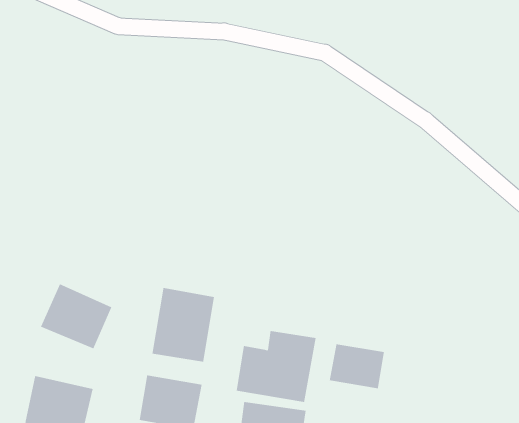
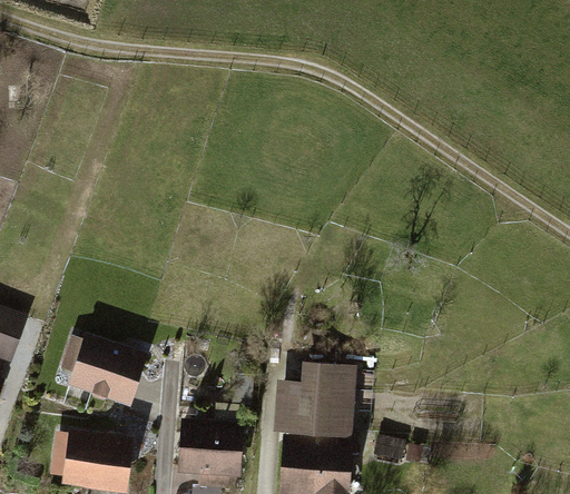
building: [152,287,215,362] -> none
building: [329,343,384,389] -> none

